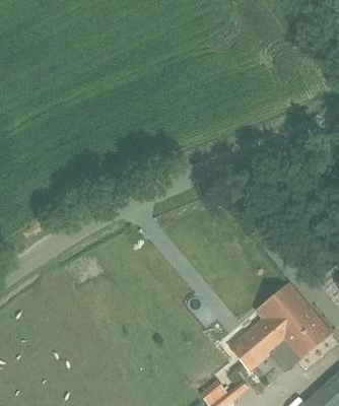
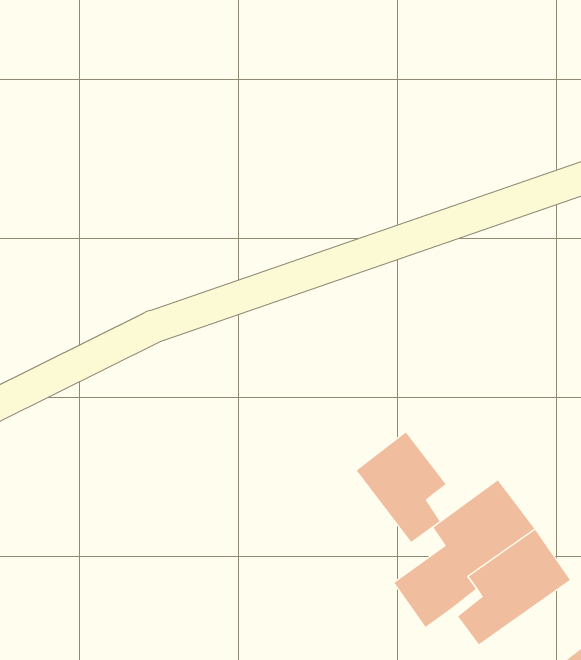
building: none -> [356,431,447,543]

